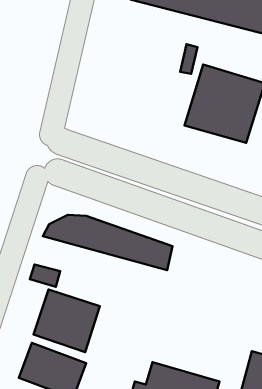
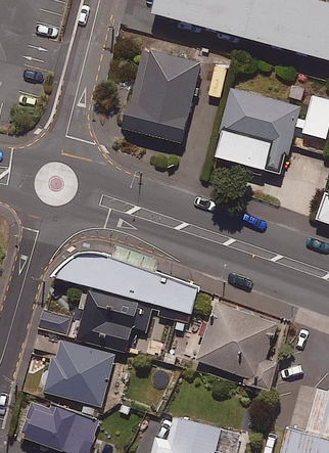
building: none -> [118,48,199,141]
building: none -> [76,289,153,353]
building: none -> [195,304,279,393]

